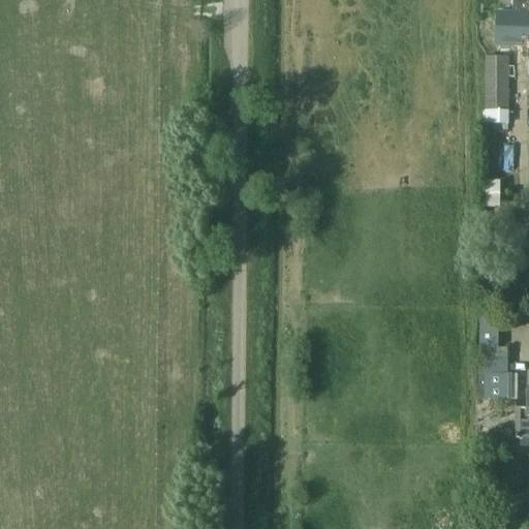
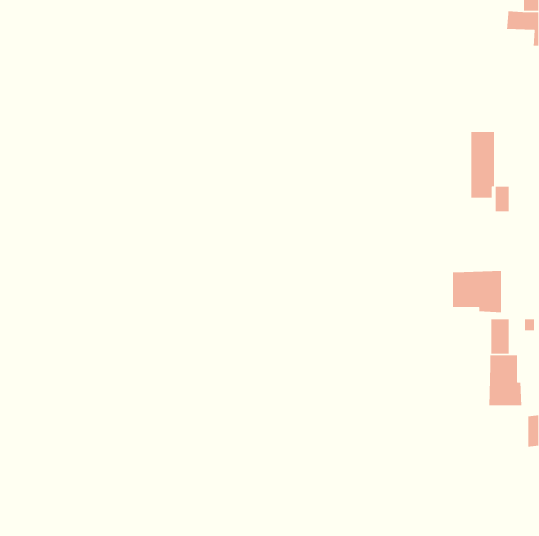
building: [486,56,509,122] -> [470,131,495,199]
building: none -> [452,270,502,313]

